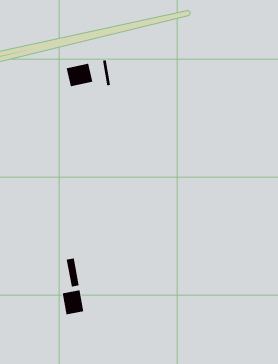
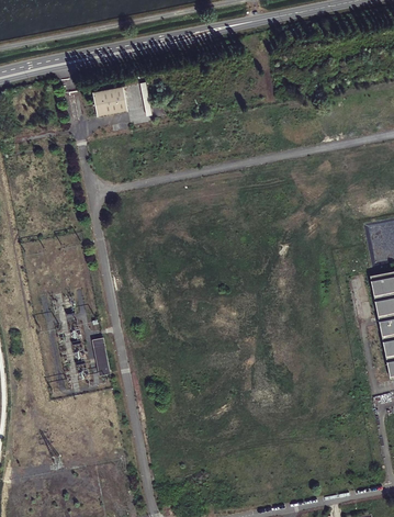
building: [62,289,84,315] -> none

